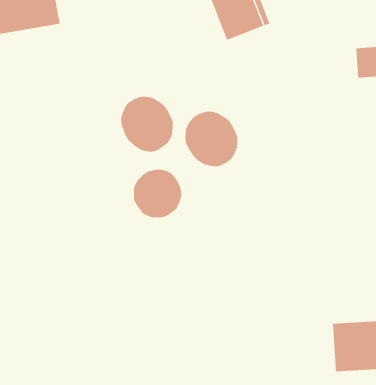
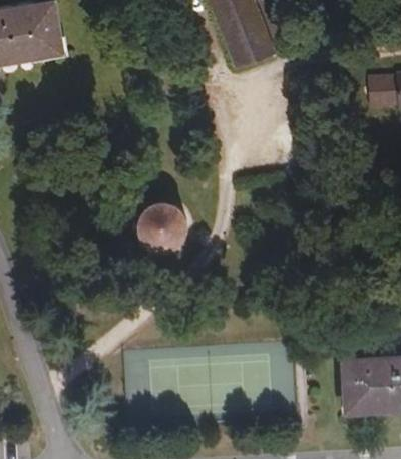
building: [121,96,173,152] -> none
building: [185,111,238,167] -> none

